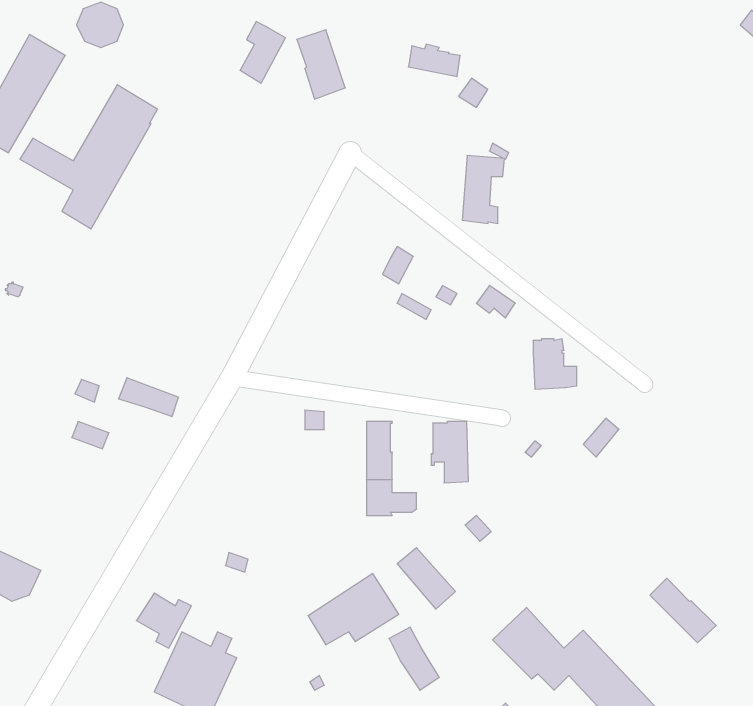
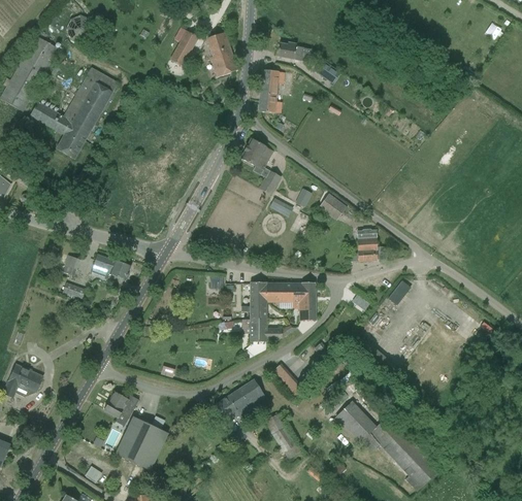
building: [462,155,504,223] -> [259,69,286,112]
building: none -> [241,138,273,175]
building: none -> [266,282,293,302]
building: [650,578,716,643] -> none

